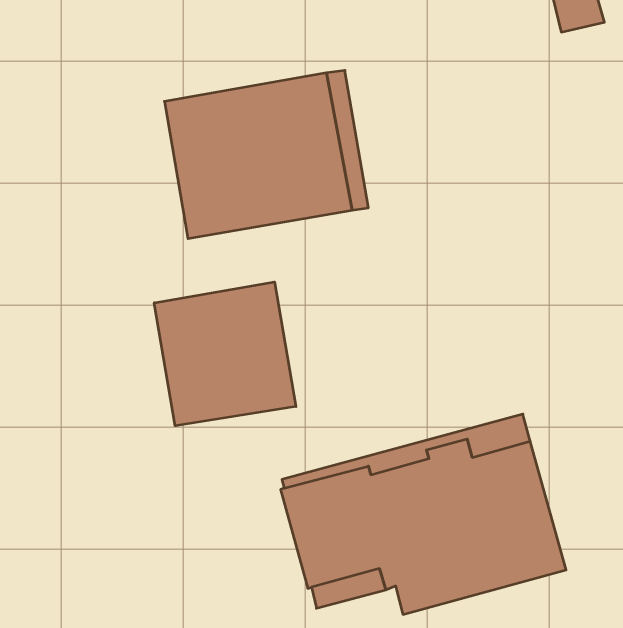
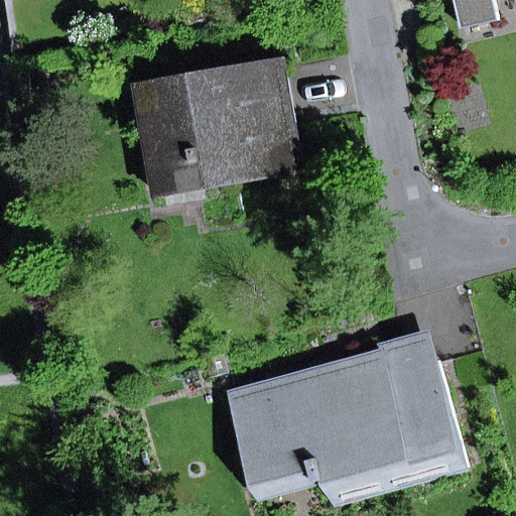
building: [154,282,296,426] -> none

